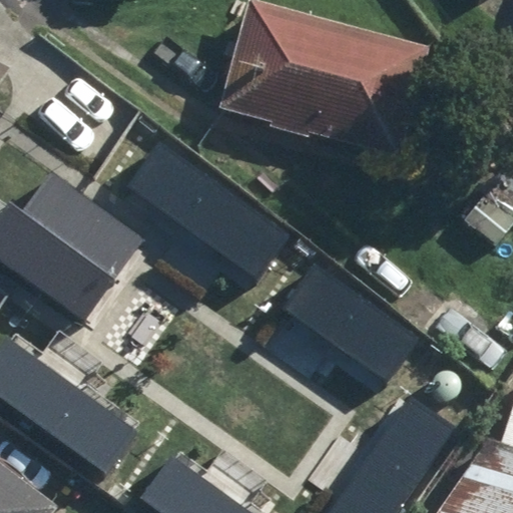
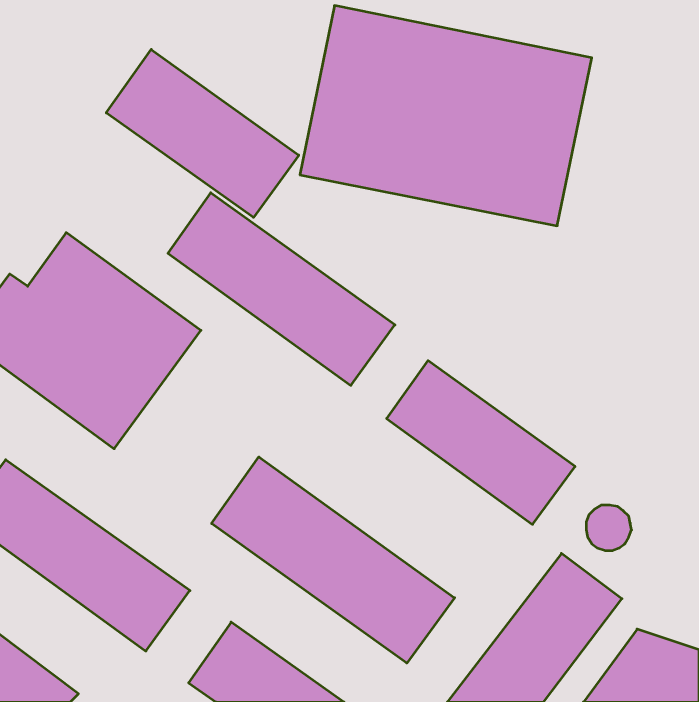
building: none -> [106,49,299,217]
building: none -> [212,457,455,663]

